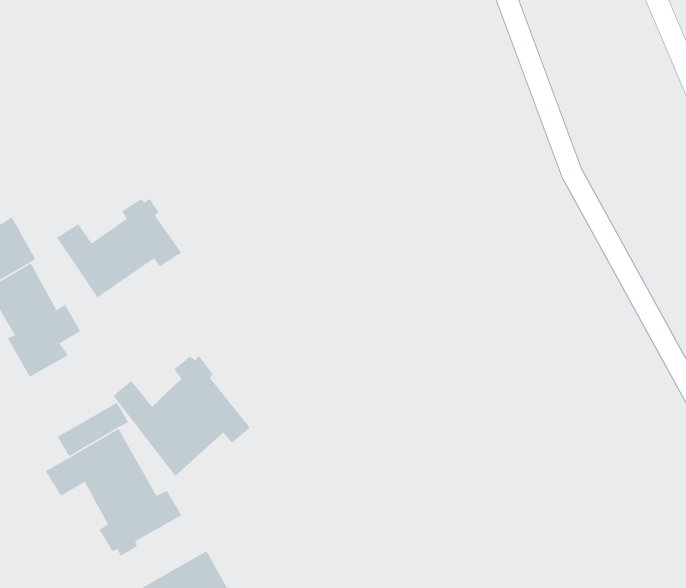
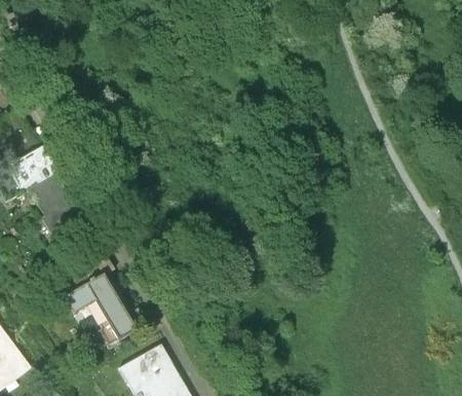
building: [56,198,182,298] -> none
building: [112,355,251,477] -> none

